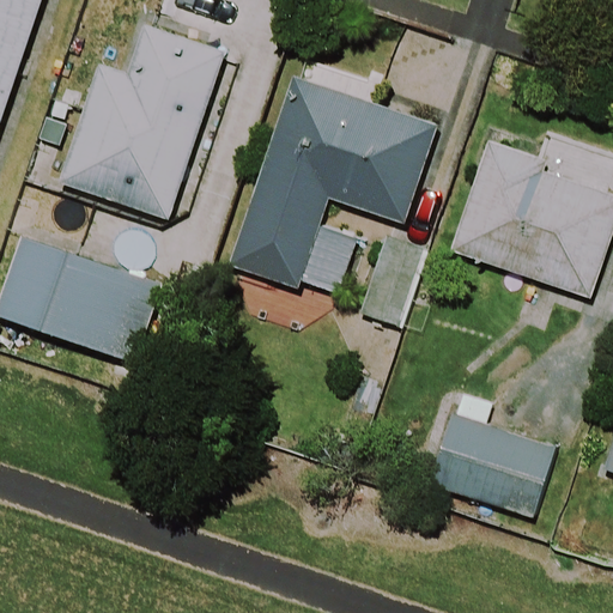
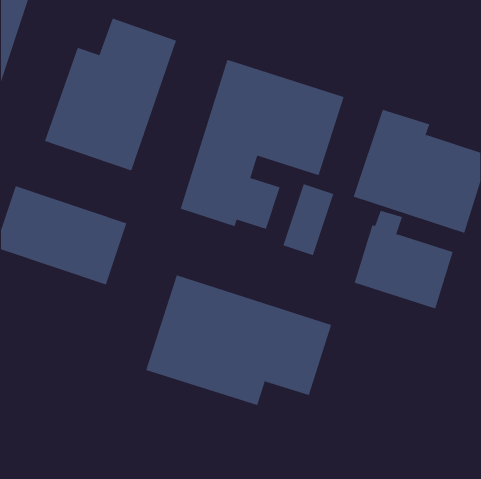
building: none -> [146,274,332,406]
building: [430,393,557,518] -> [354,210,454,309]

